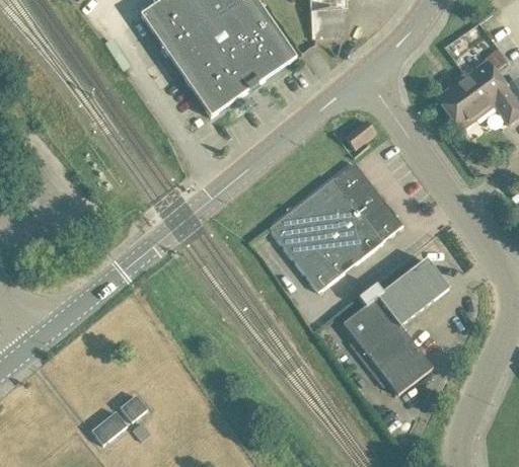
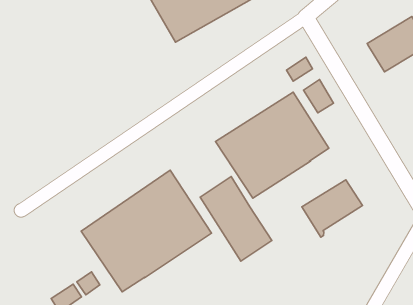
building: none -> [304,79,334,113]
building: none -> [81,170,211,292]
building: [343,296,432,394] -> [200,177,272,261]

